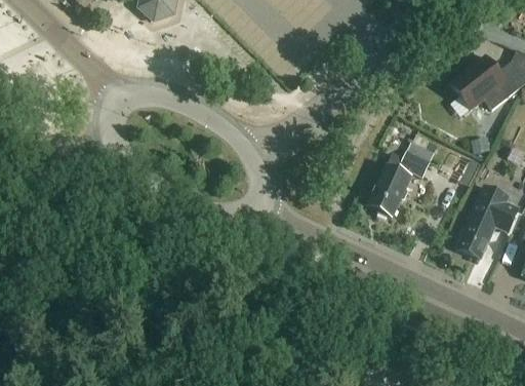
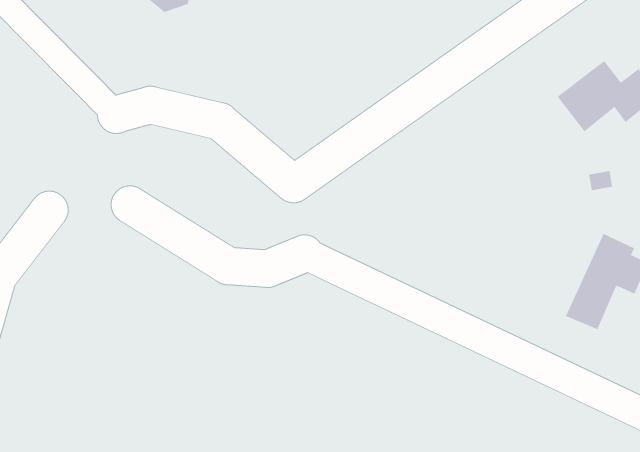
building: [368,142,435,216] -> none

